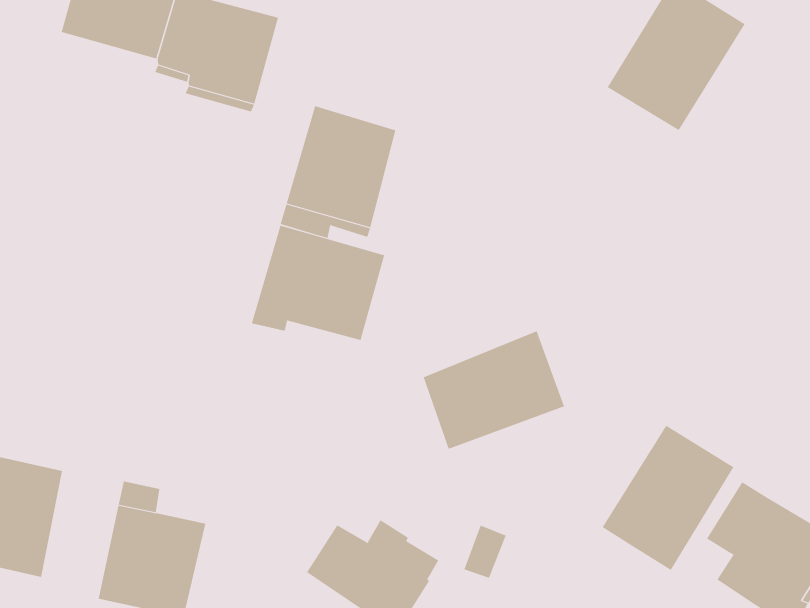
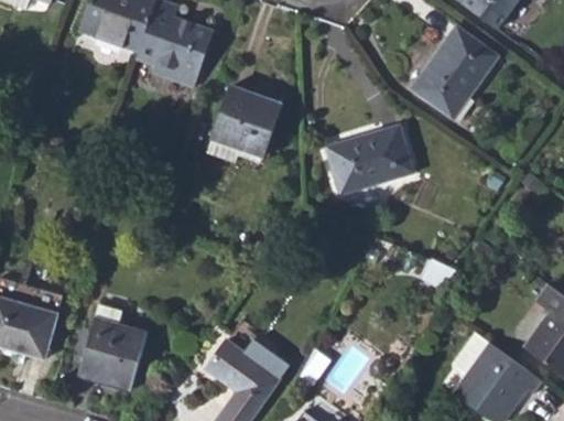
building: [251,225,385,341] -> none
building: [423,330,565,450] -> [327,123,412,192]
building: [602,425,734,571] -> none

